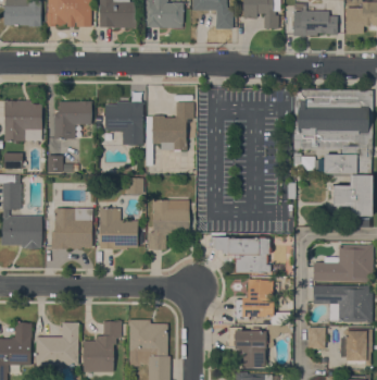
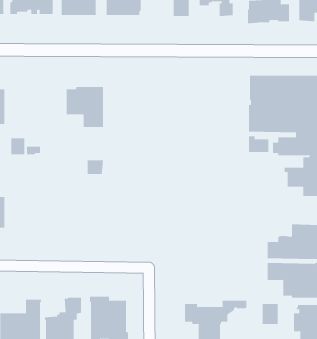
building: [54,101,91,138] -> none
building: [146,101,193,164] -> none
building: [148,199,188,248] -> none
building: [51,207,92,248] -> none
building: [99,208,137,248] -> none
building: [211,236,271,272] -> none
building: [235,279,274,319] -> none

